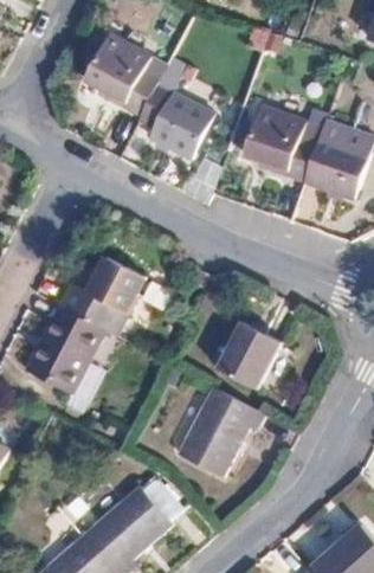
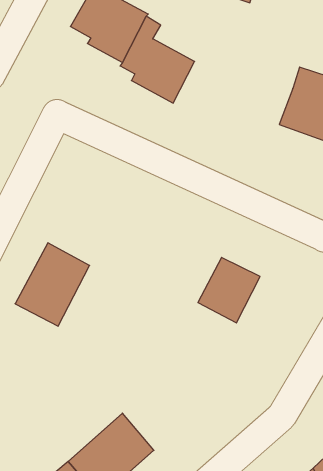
building: [243,105,317,181] -> none
building: [60,256,147,335] -> none
building: [178,386,263,477] -> none

